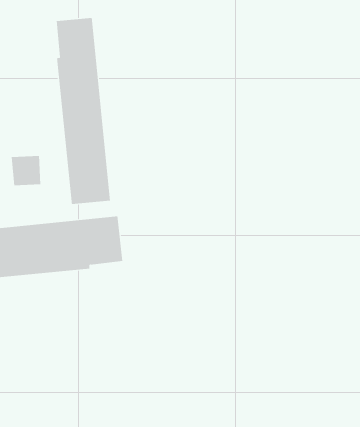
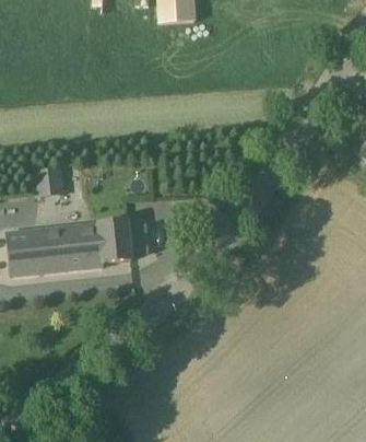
building: [56,17,110,205] -> none

